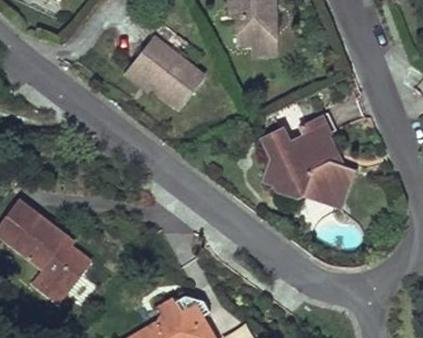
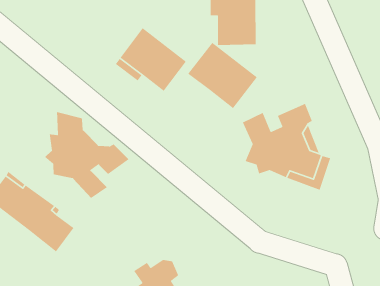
building: none -> [187,42,258,109]
building: none -> [44,111,130,199]
building: [20,257,63,297] -> none

